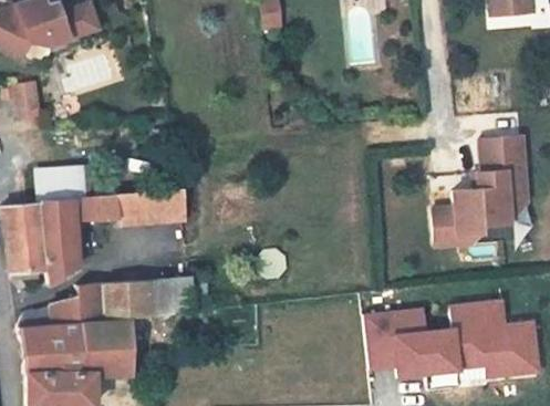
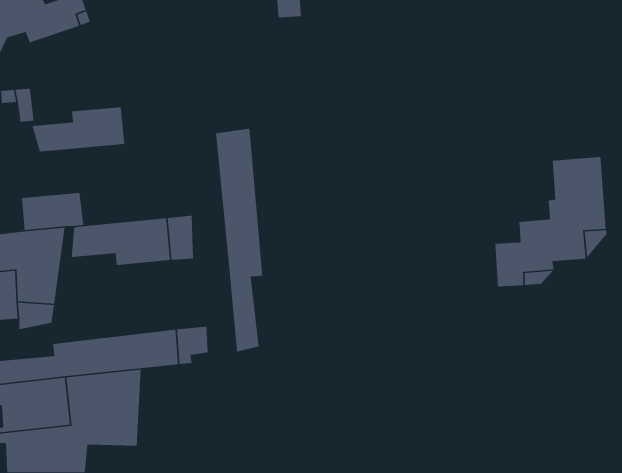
building: none -> [32,106,125,152]
building: none -> [215,128,263,352]
building: [355,295,531,379] -> none

